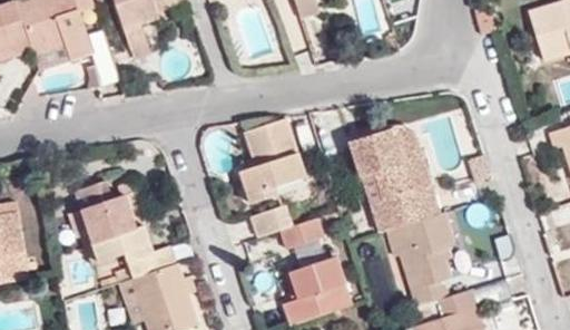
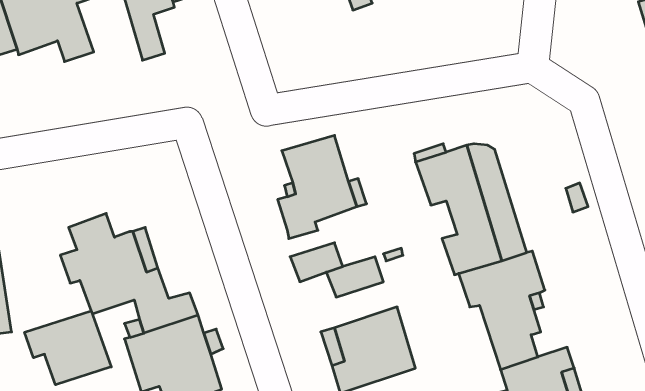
building: none -> [25,311,111,385]

